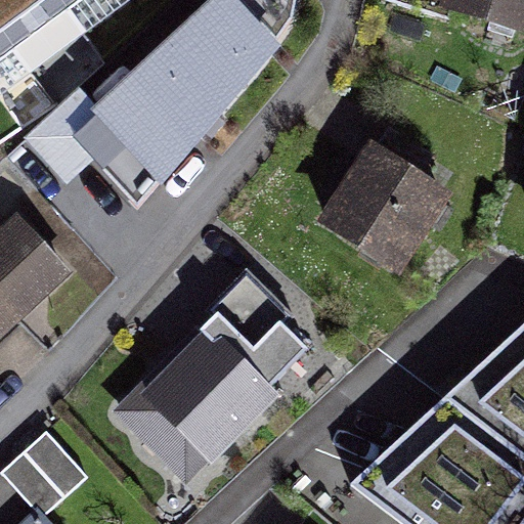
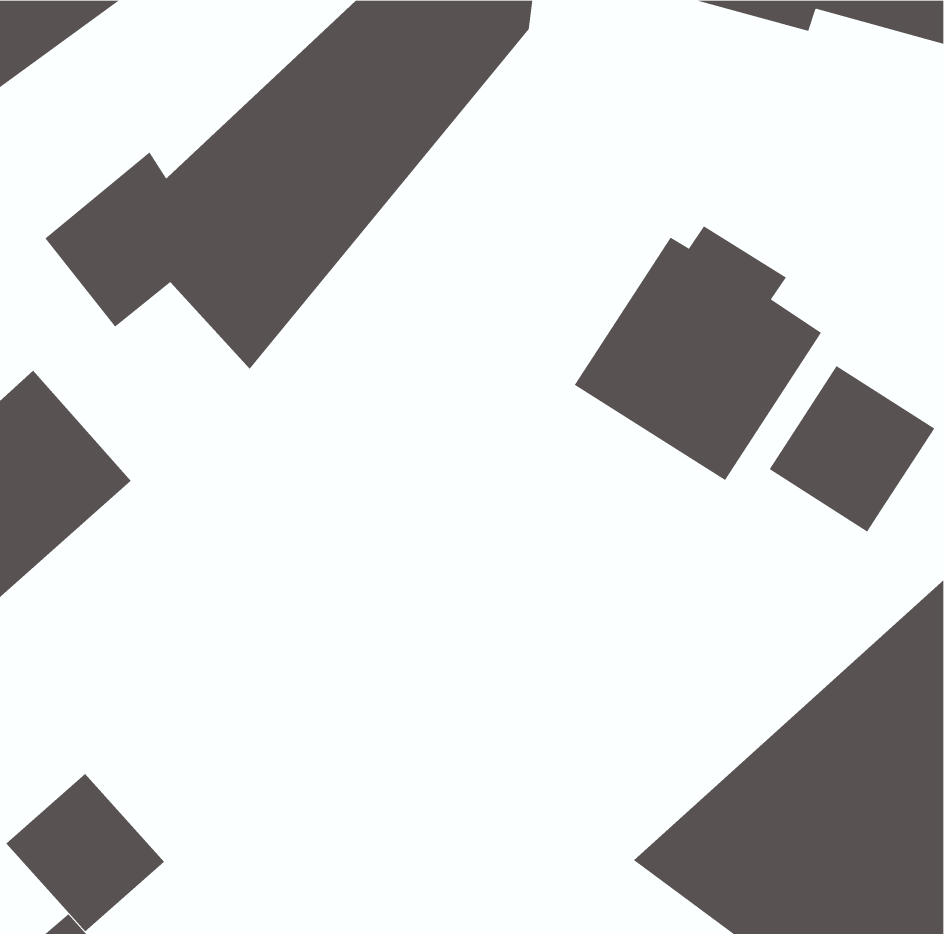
building: none -> [769,365,935,533]
building: [113,275,308,485] -> none

